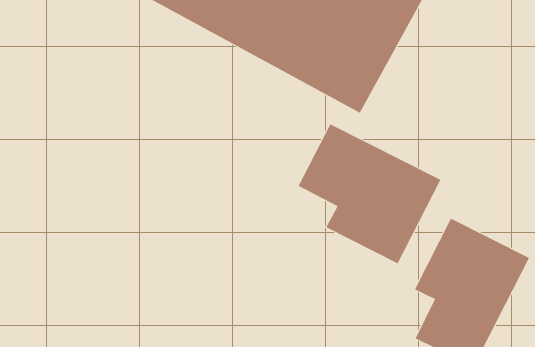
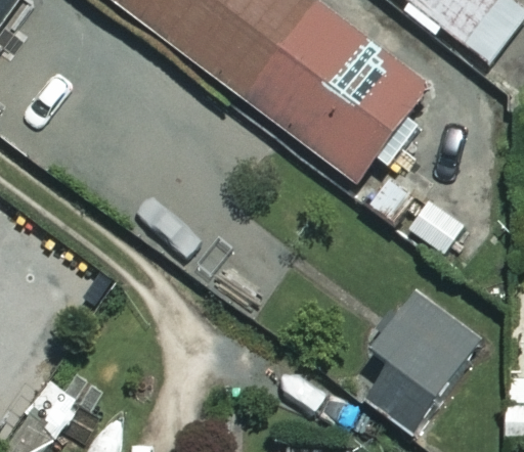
building: [298,124,441,264] -> none

